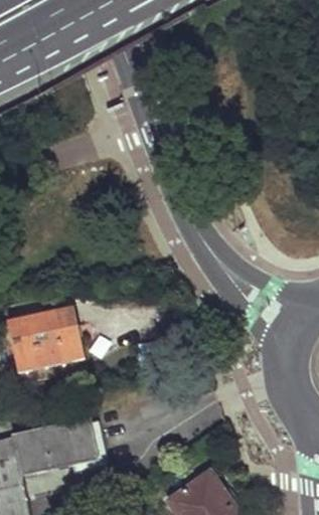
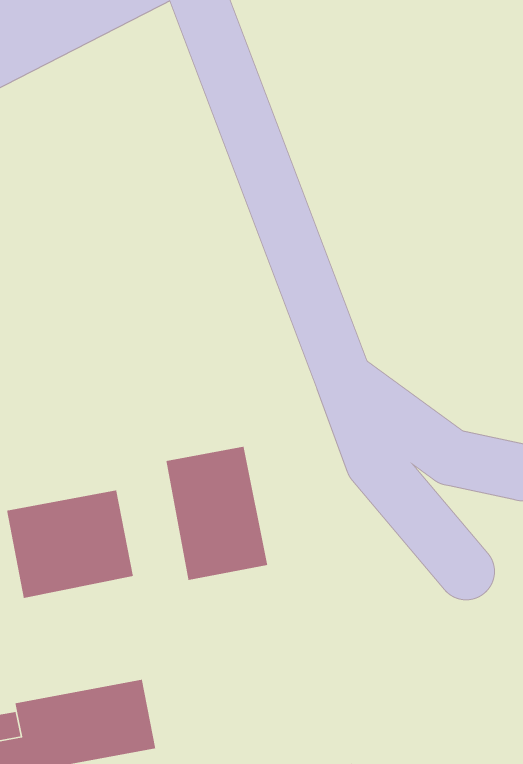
building: none -> [166,446,268,581]

